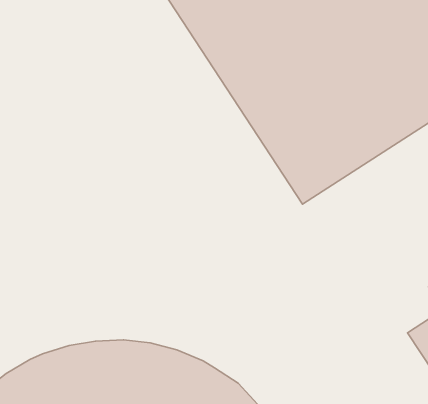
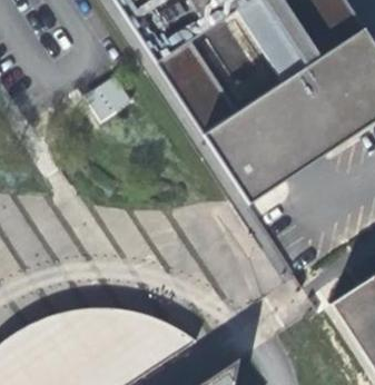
building: none -> [85,72,135,121]

